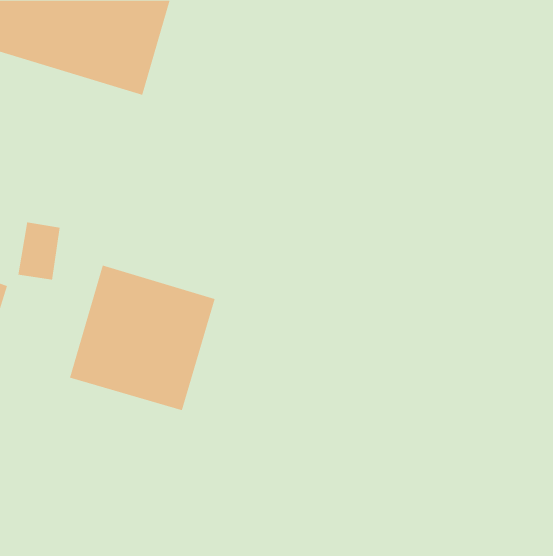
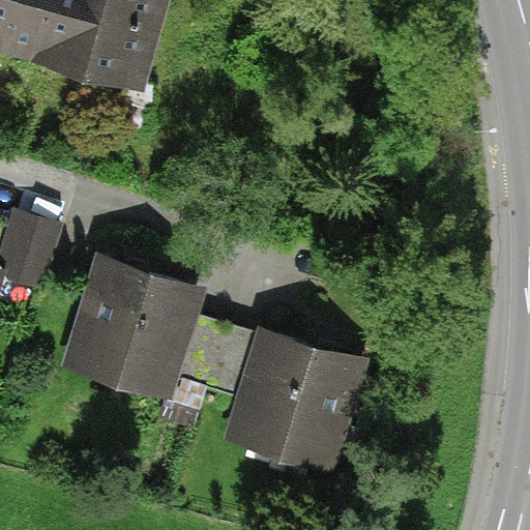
building: none -> [226,330,367,467]

